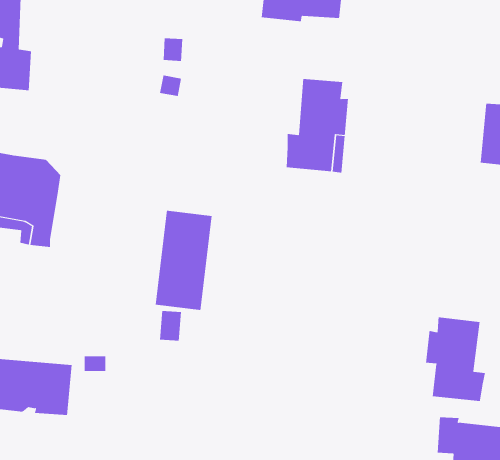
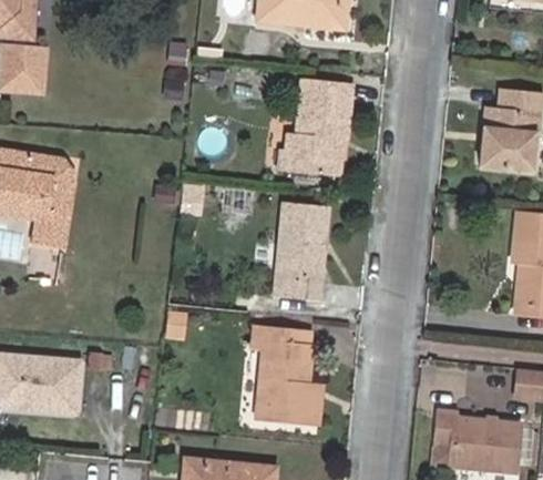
building: [155,210,212,310] -> [274,201,330,299]
building: [425,317,486,402] -> none
building: none -> [255,324,314,421]

